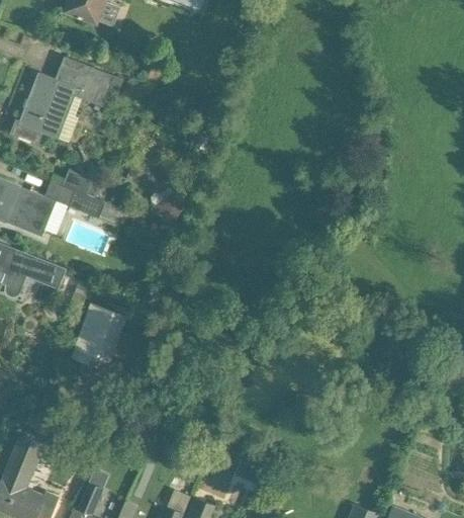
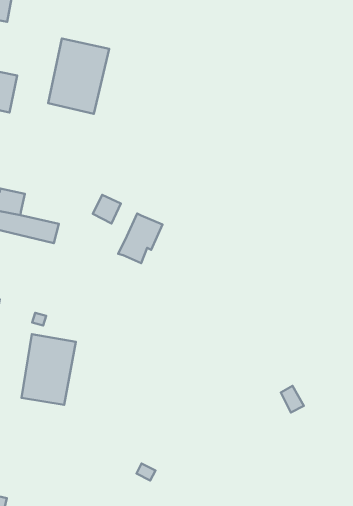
building: none -> [48,38,109,114]
building: none -> [118,213,162,263]

